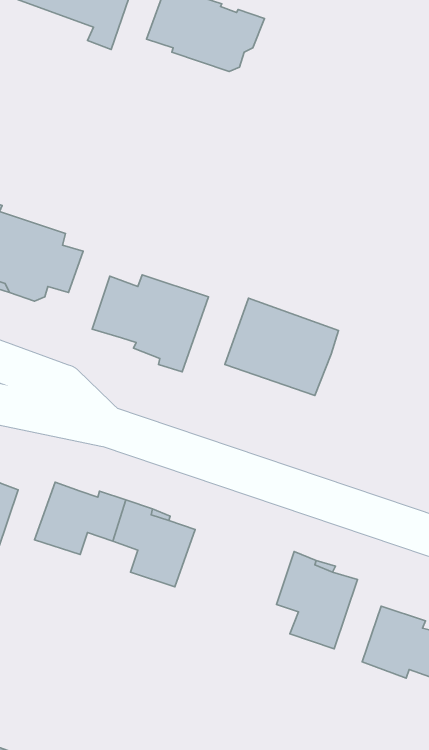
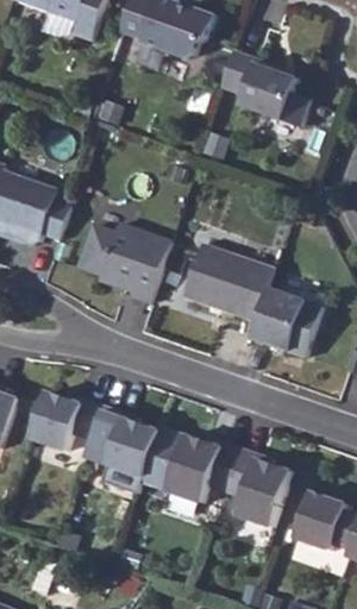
building: none -> [221,54,311,130]
building: none -> [250,288,321,357]
building: none -> [167,434,239,502]

